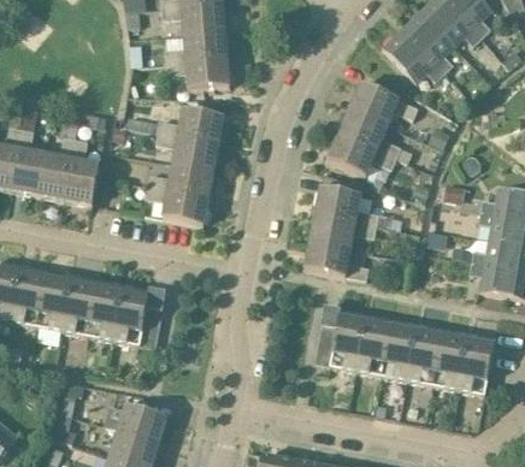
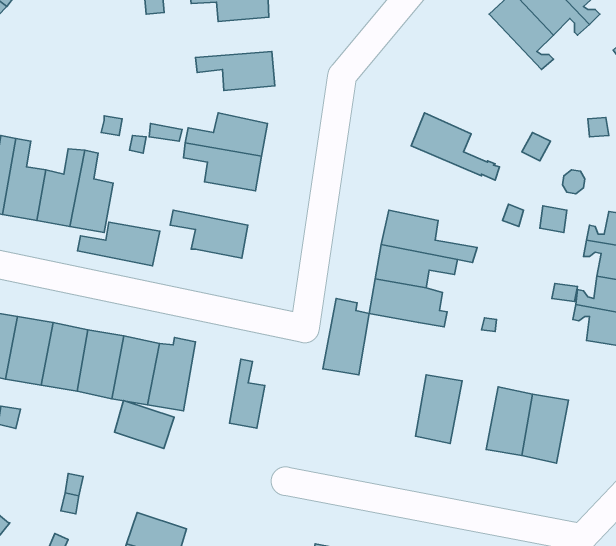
building: [383,28,444,81] -> none
building: [165,30,228,63] -> none
building: [350,82,418,124] -> none
building: [329,134,396,175] -> none
building: [148,162,214,197] -> [78,222,160,266]
building: none -> [230,359,265,428]
building: [314,306,352,367] -> [323,298,369,375]
building: [371,323,409,378] -> none
building: [456,338,495,394] -> none
building: [119,403,167,442] -> [114,401,174,449]

